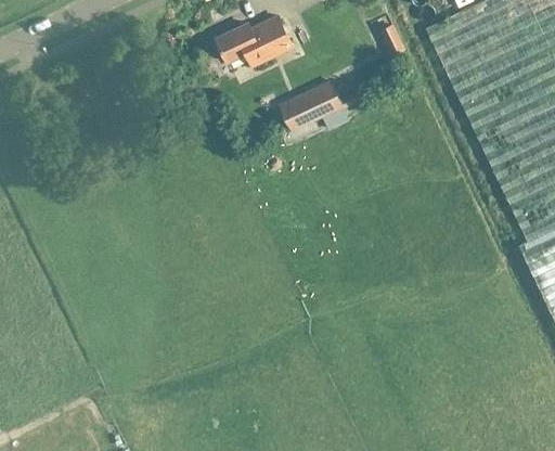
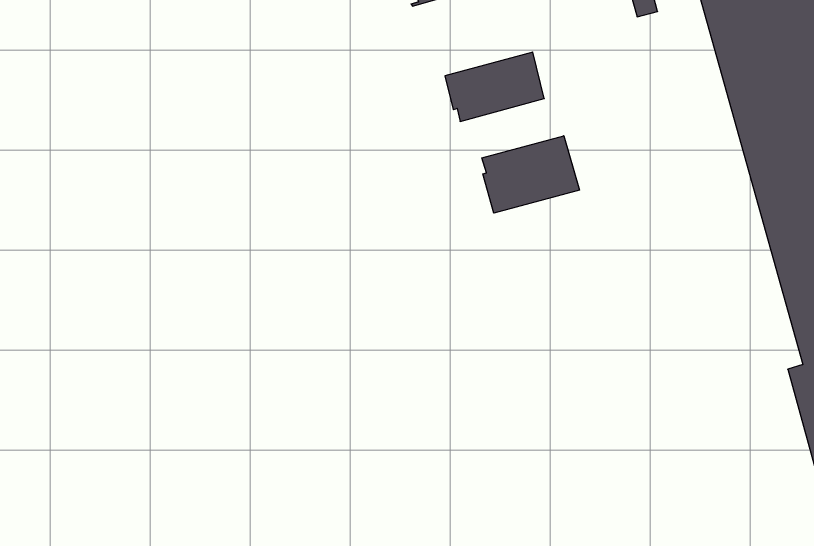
building: none -> [482,136,579,213]

